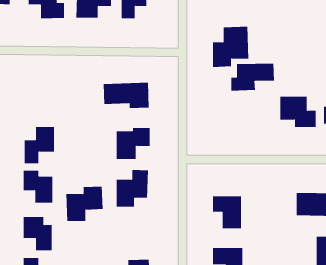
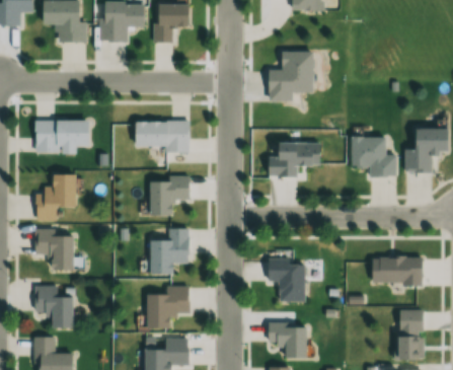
building: [230,63,275,91] -> [268,142,322,176]
building: none -> [35,120,89,154]
building: [66,186,103,222] -> [146,285,193,328]

